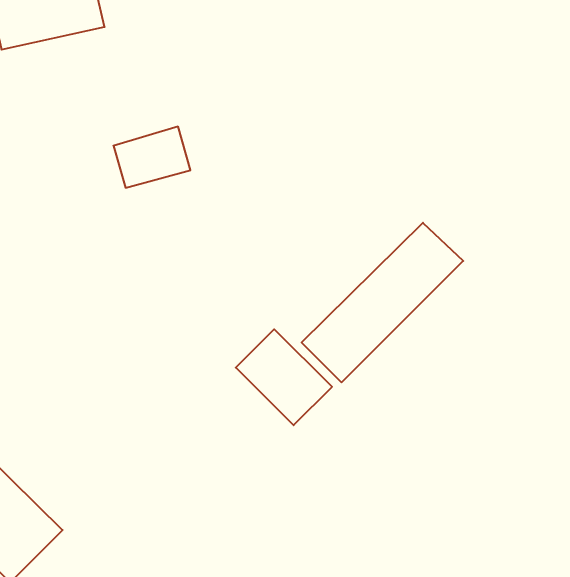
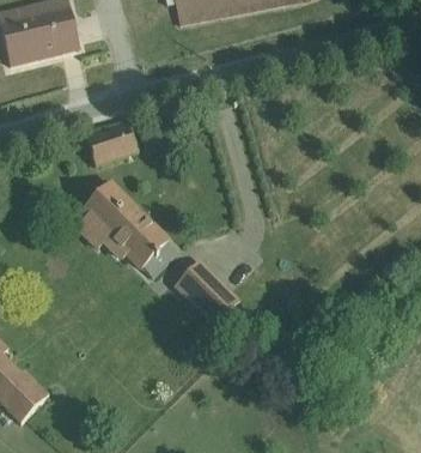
building: none -> [75,185,170,272]
building: [302,223,463,382] -> none

